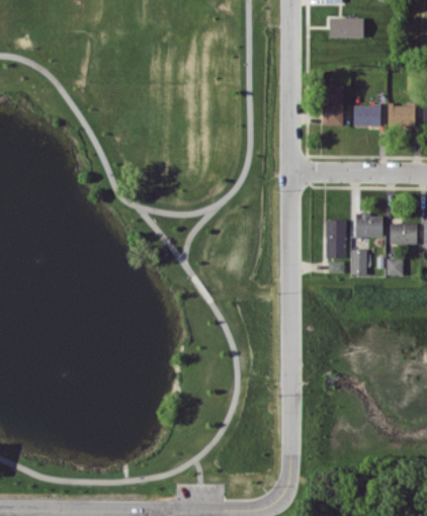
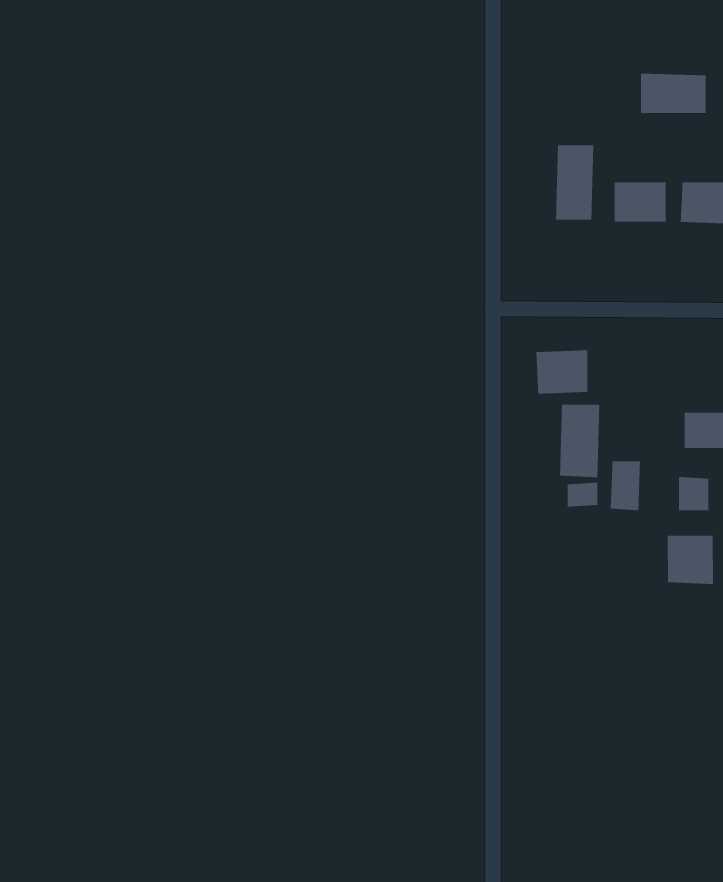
building: [329,17,363,38] -> [640,73,706,114]
building: [355,214,382,238] -> [535,350,588,394]
building: none -> [667,535,714,585]

